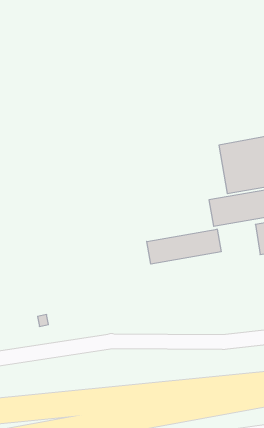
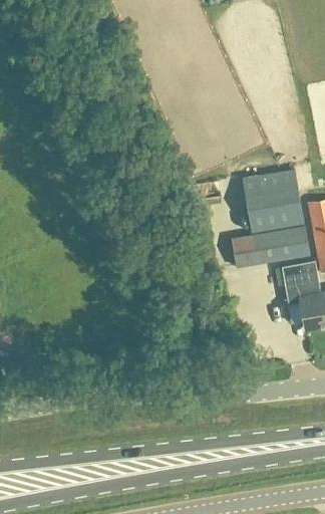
building: [147,229,221,264] -> none

